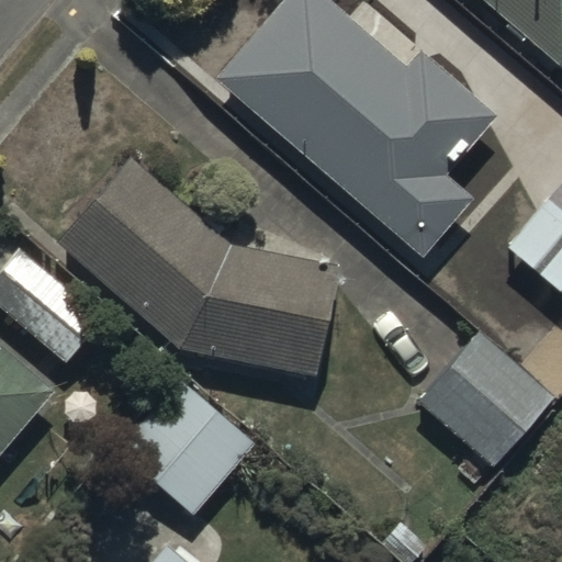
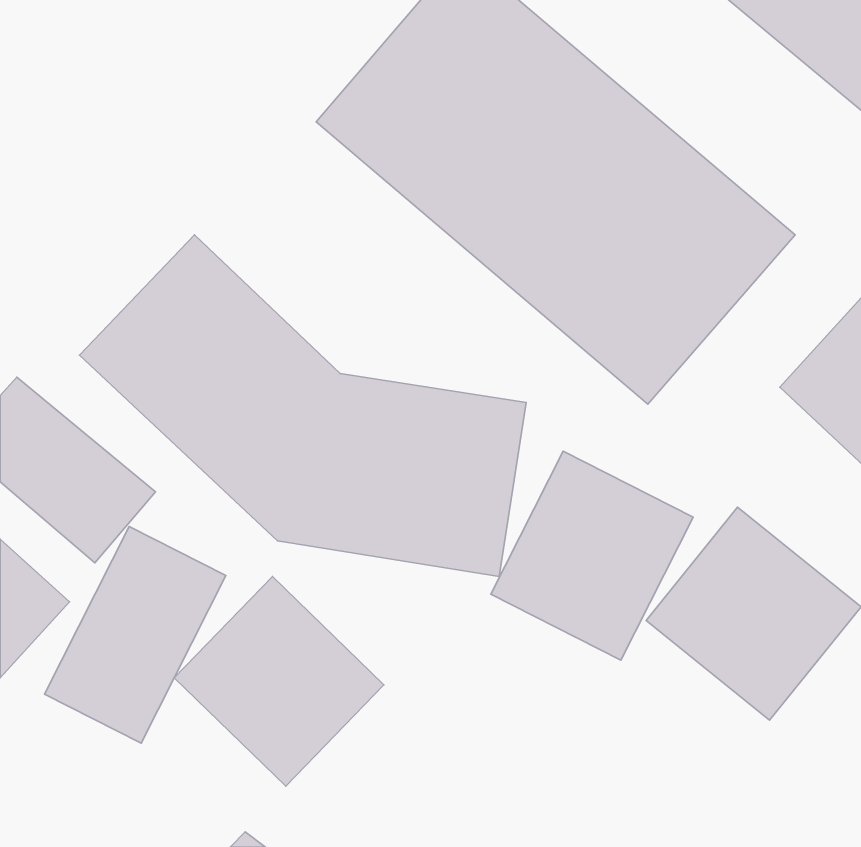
building: none -> [491,451,693,660]
building: none -> [45,527,226,743]

